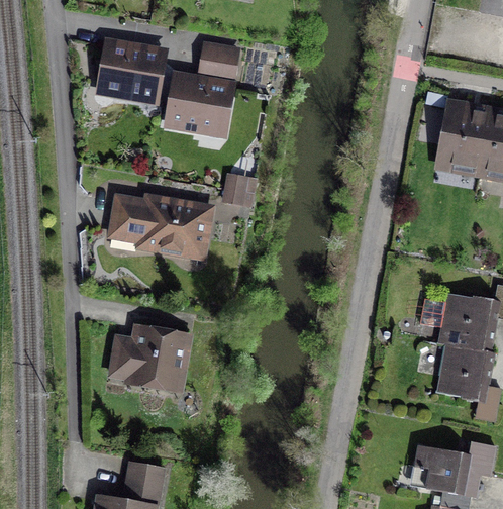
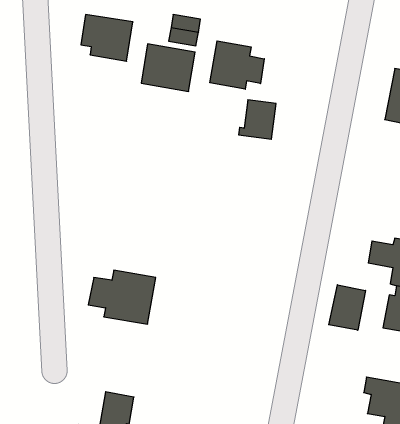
building: none -> [210,41,264,89]
building: [216,170,258,213] -> [239,100,276,139]
building: [112,198,207,253] -> none
building: none -> [329,285,365,330]

